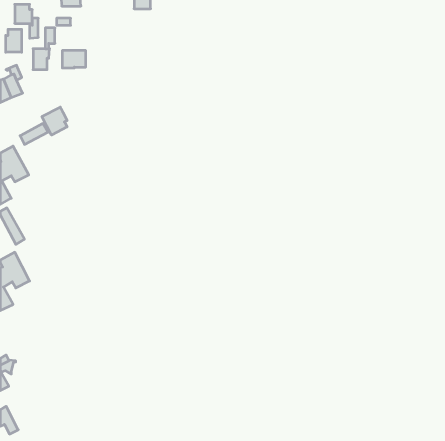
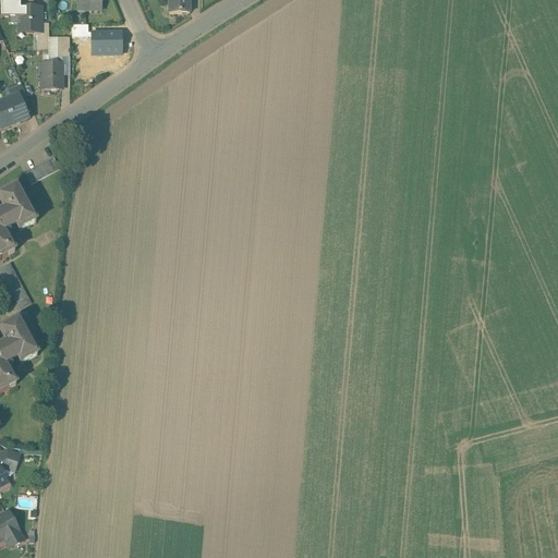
building: [6,29,22,52] -> none
building: [62,51,86,68] -> [92,31,121,52]
building: [42,107,67,135] -> none

